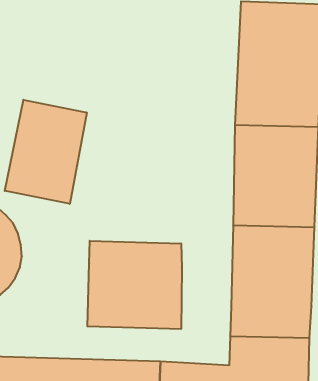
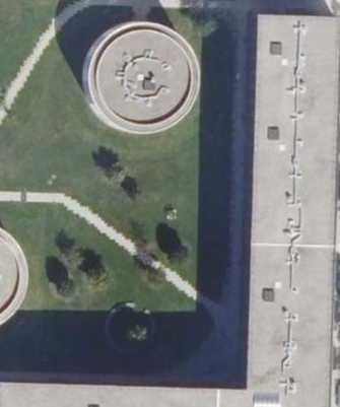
building: none -> [87,19,198,130]
building: [5,100,87,204] -> none
building: [87,241,182,329] -> none

